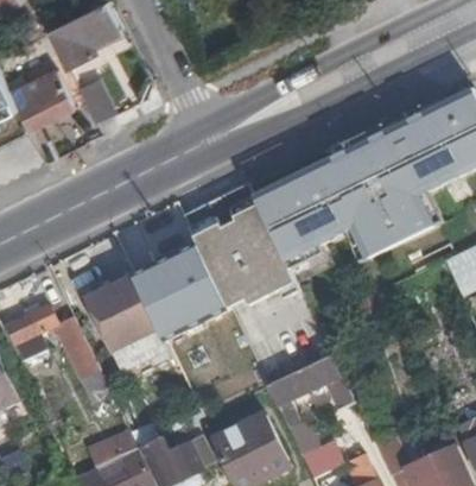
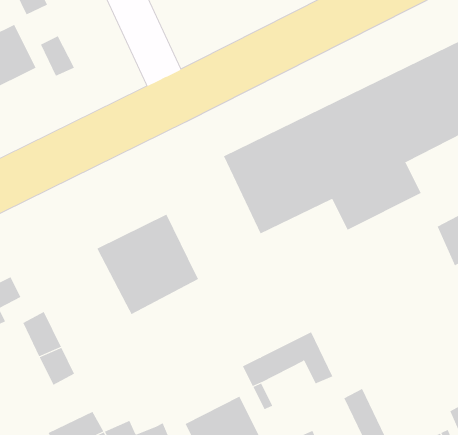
building: [182,184,296,307] -> none
building: [84,278,159,355] -> none

